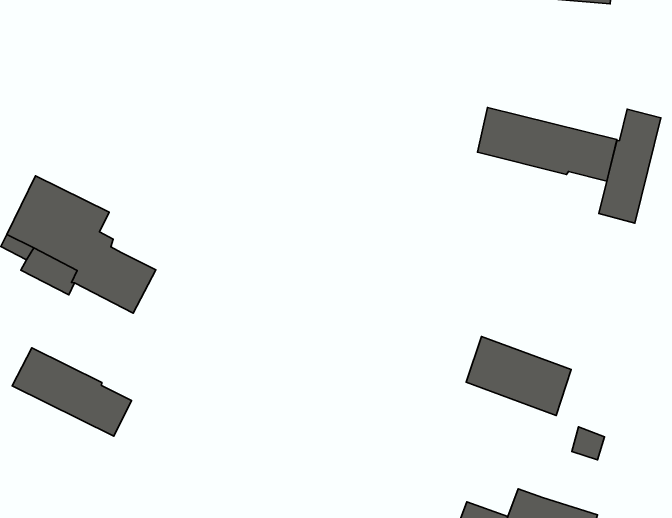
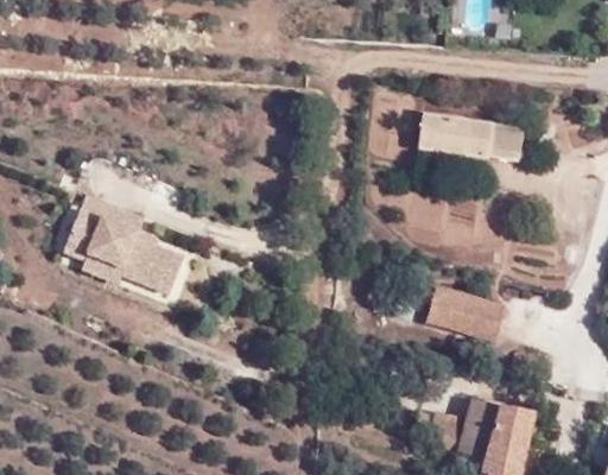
building: [599,109,661,223] -> none
building: [12,348,132,436] -> none

